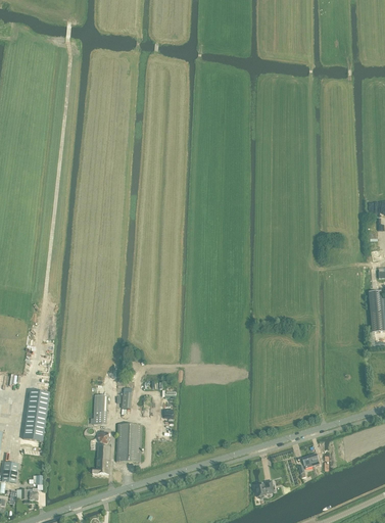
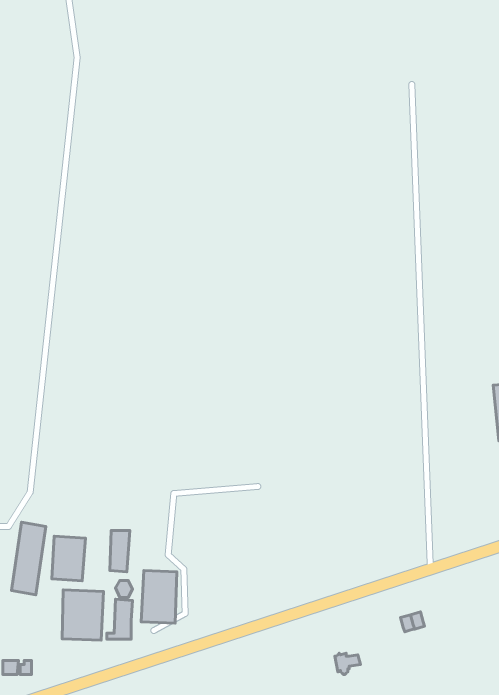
building: none -> [52,536,86,581]
building: none -> [62,590,104,640]

